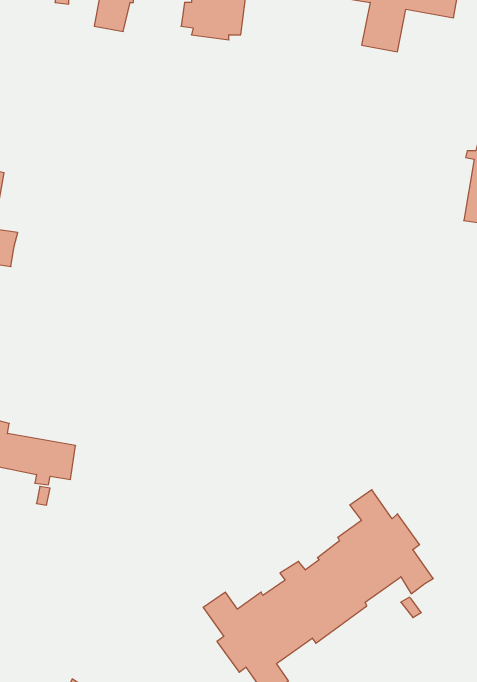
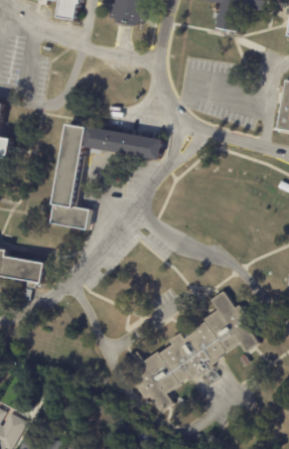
building: none -> [47,124,162,230]

